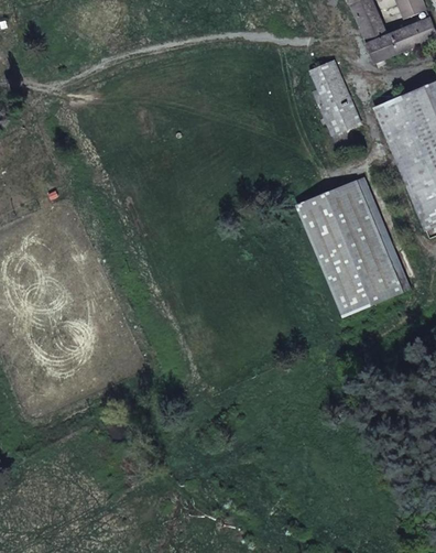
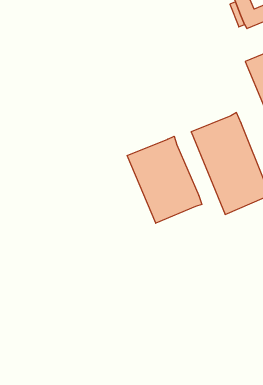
building: [309,61,360,132] -> none
building: none -> [127,136,202,223]

